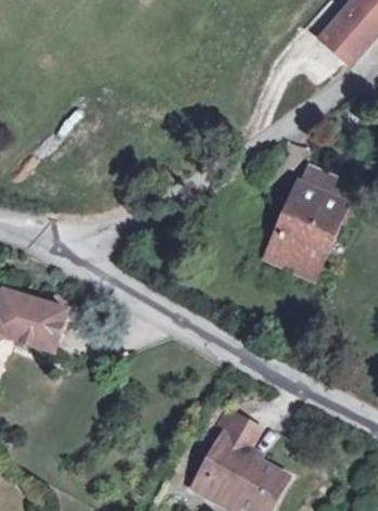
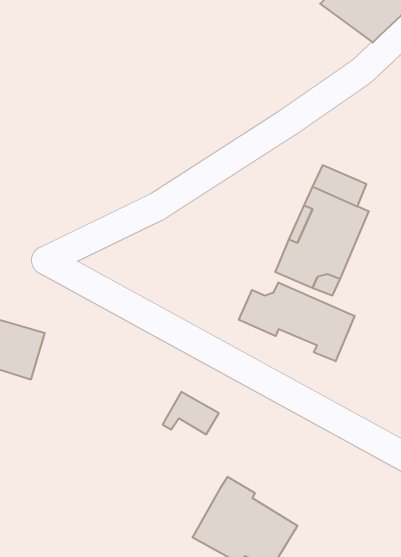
building: none -> [239,282,355,361]
building: [211,412,260,449] -> [163,392,219,434]

